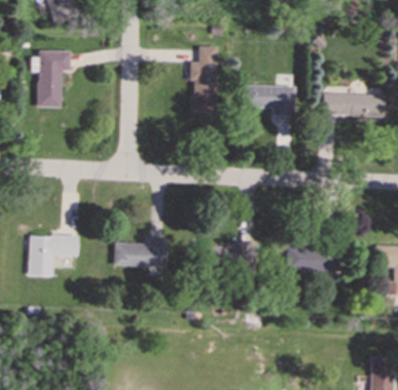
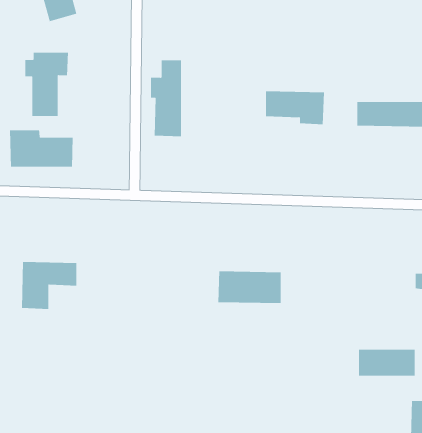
building: [189,47,217,115] -> [150,60,182,137]
building: none -> [9,129,73,167]
building: [114,239,168,267] -> none
building: [286,248,336,272] -> [358,349,415,376]

